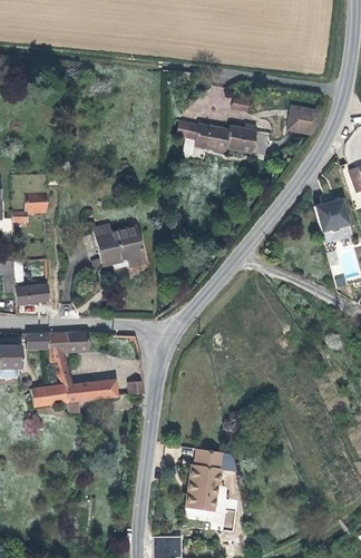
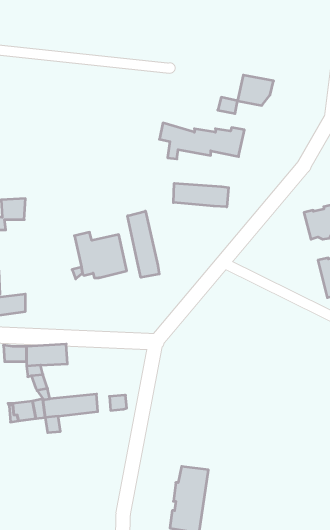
building: [286,105,321,134] -> [237,75,274,105]
building: none -> [173,183,229,207]
building: none -> [128,211,159,277]

